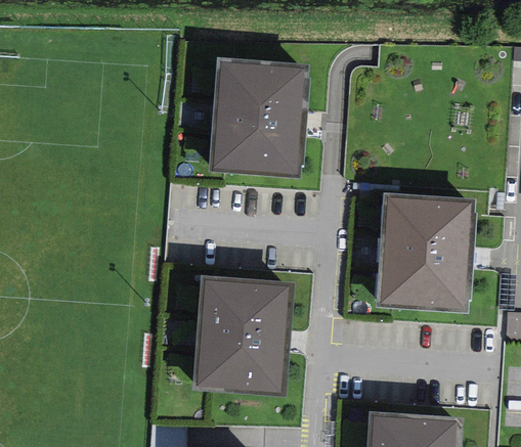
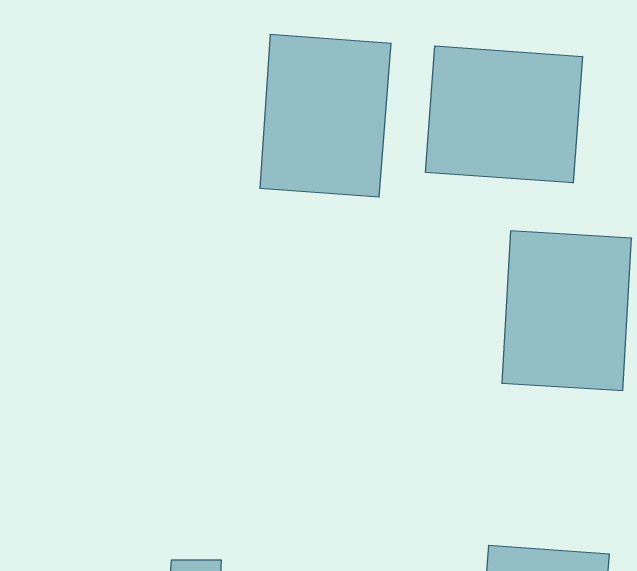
building: none -> [426,46,582,183]
building: [199,280,290,392] -> none

